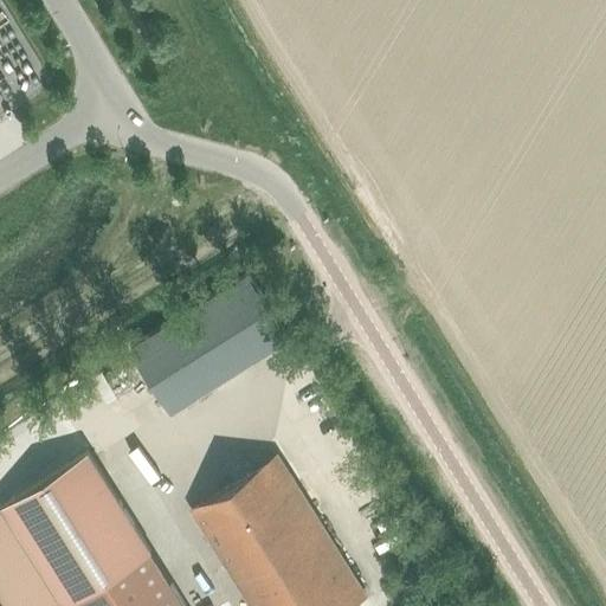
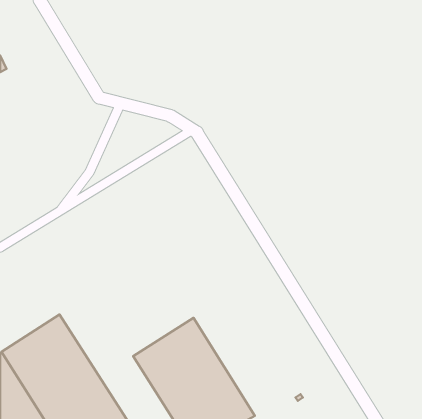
building: [131,275,292,415] -> none

